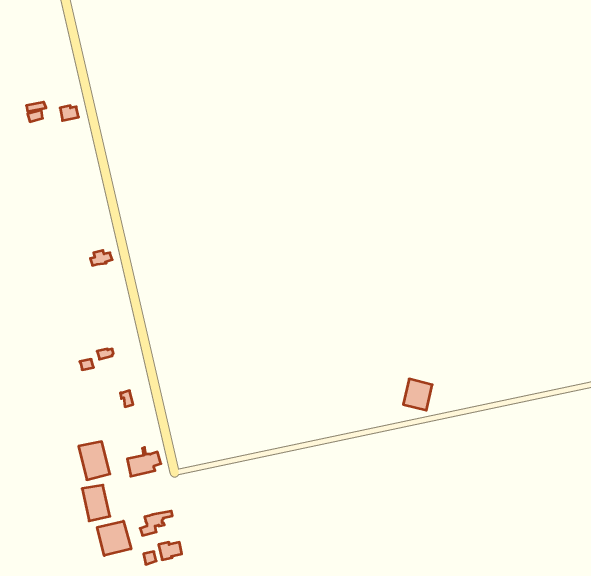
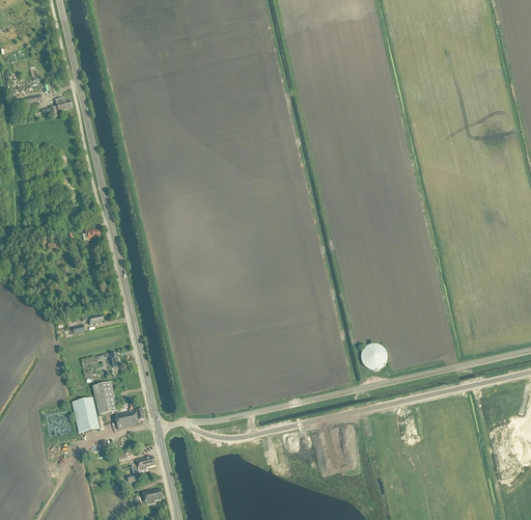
building: [82,485,110,521] -> [92,382,117,414]
building: [97,521,131,556] -> none

